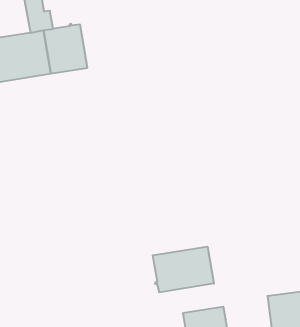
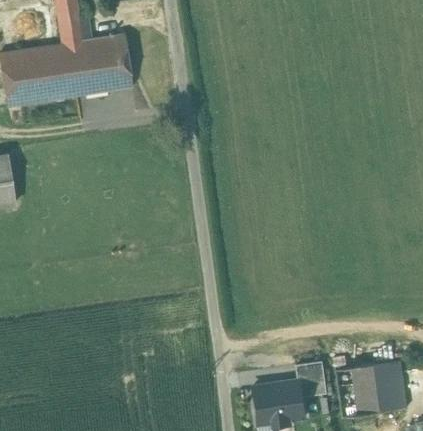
building: [153,247,214,292] -> none
building: none -> [297,360,328,396]

